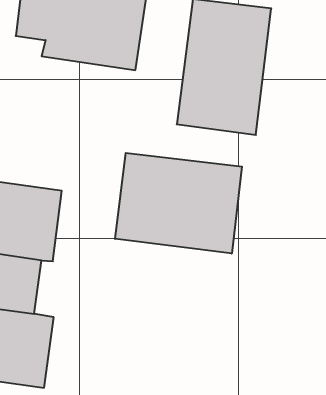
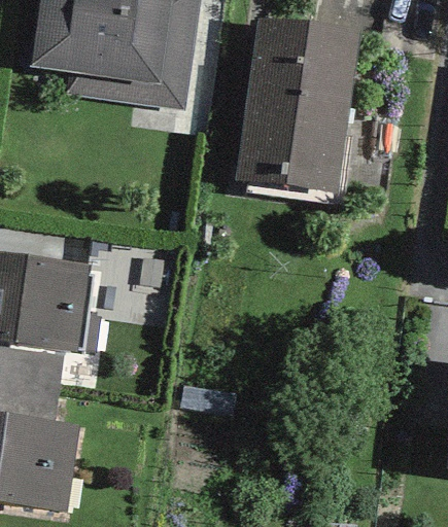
building: [115,153,242,254] -> none

